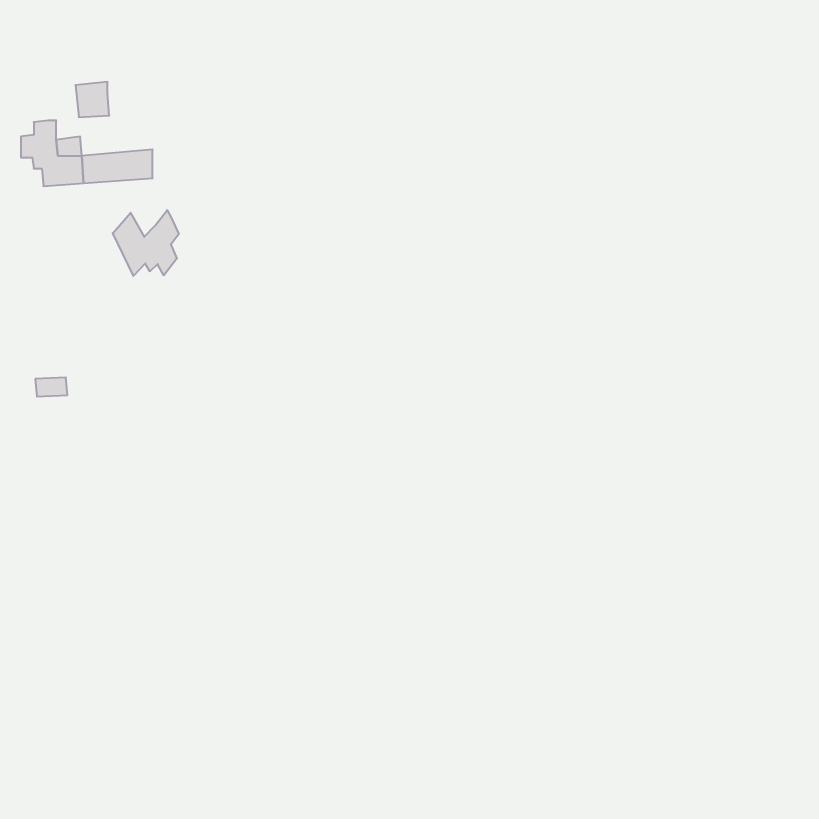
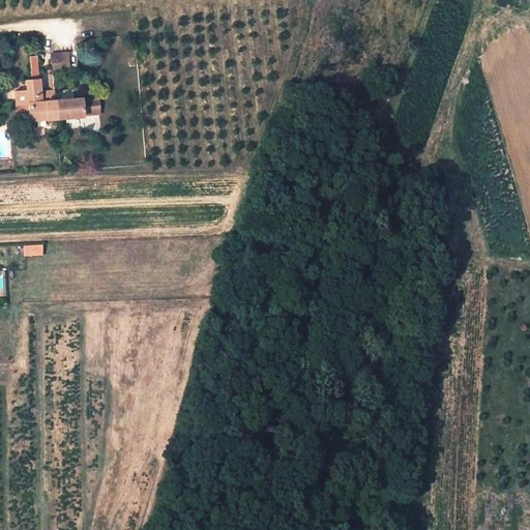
building: [113,210,179,276] -> none

